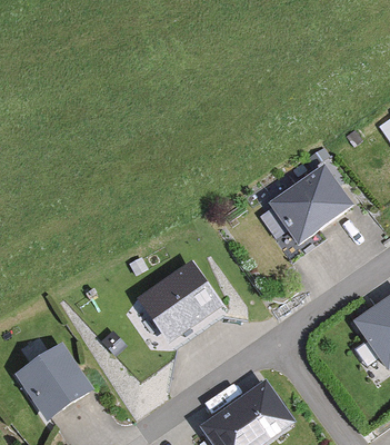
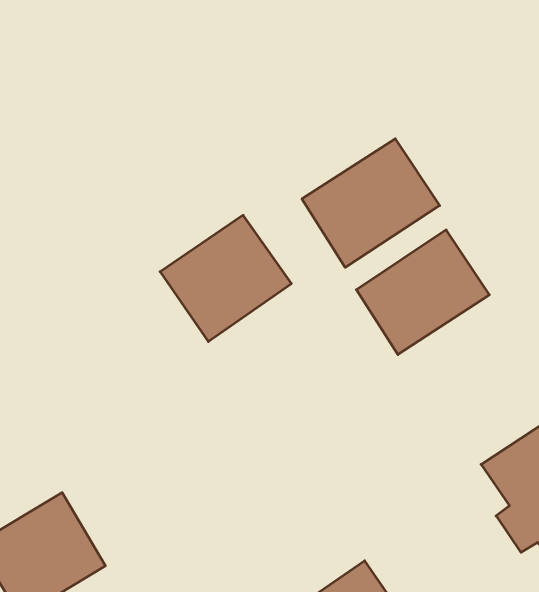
building: none -> [302,139,440,267]
building: [139,261,227,346] -> [160,215,291,342]

